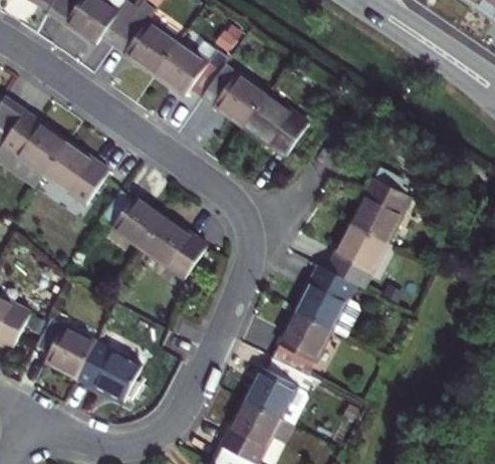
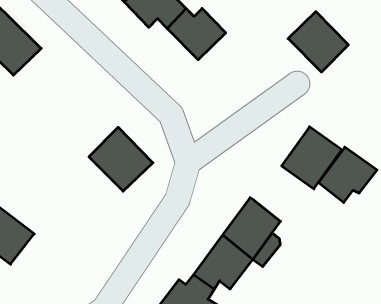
building: [240,90,306,155] -> [288,12,348,72]
building: [43,141,108,204] -> none
building: [102,189,166,249] -> none
building: [327,224,389,284] -> [318,147,377,203]
building: [74,342,141,405] -> none

